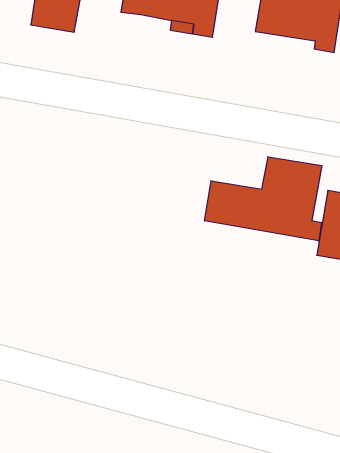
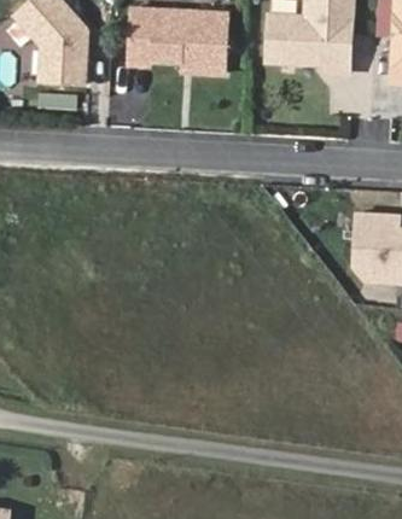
building: [205,157,322,241] -> none

